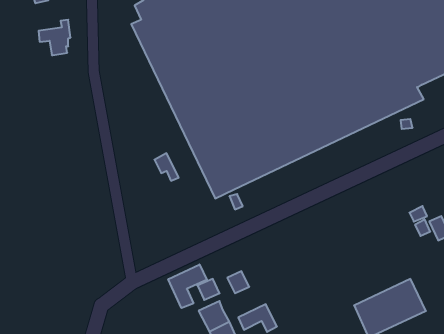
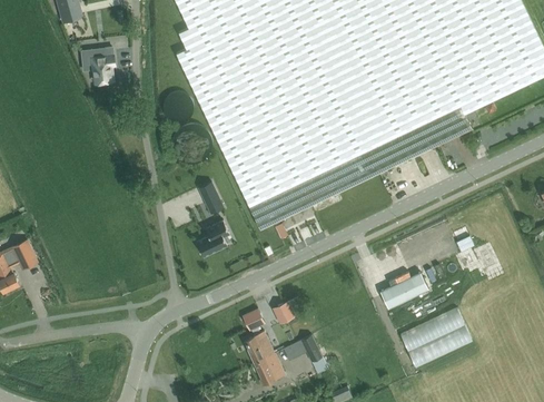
building: none -> [197,219,229,256]
building: none -> [380,272,428,307]
building: [168,264,207,308] -> none

